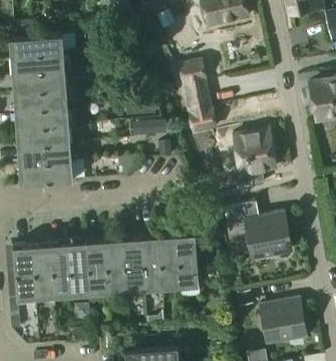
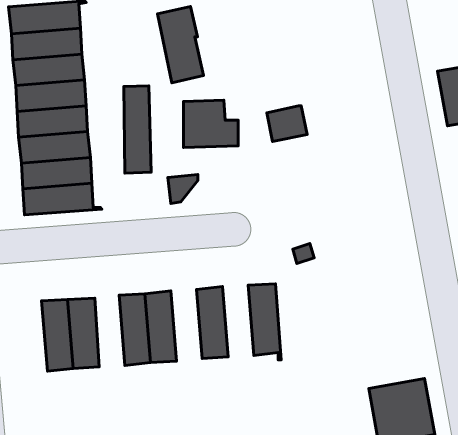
building: [180,61,212,114] -> [157,7,203,83]
building: none -> [124,86,151,173]
building: [234,129,278,176] -> none
building: [226,204,292,260] -> none
building: [158,235,181,285] -> none
building: [122,238,144,288] -> none
building: [69,242,90,292] -> none
building: [13,246,36,301] -> none

